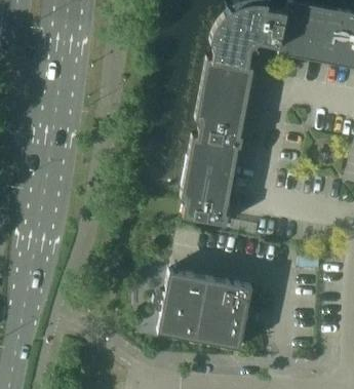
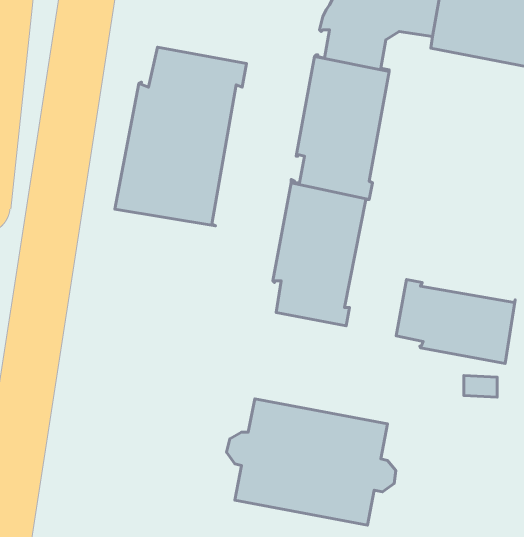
building: none -> [115,47,247,226]
building: none -> [396,279,515,364]

